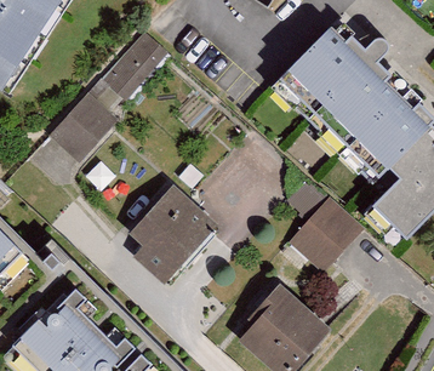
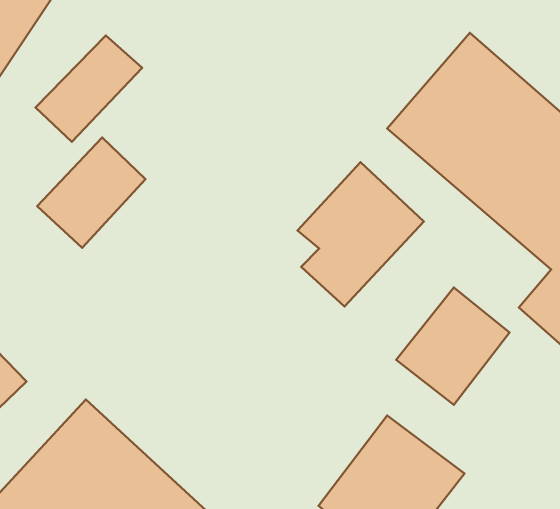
building: [97,30,169,102] -> [36,35,142,142]
building: [130,181,215,278] -> [297,162,424,306]

